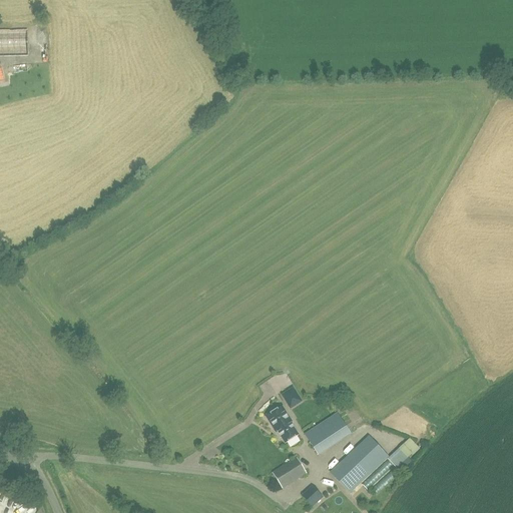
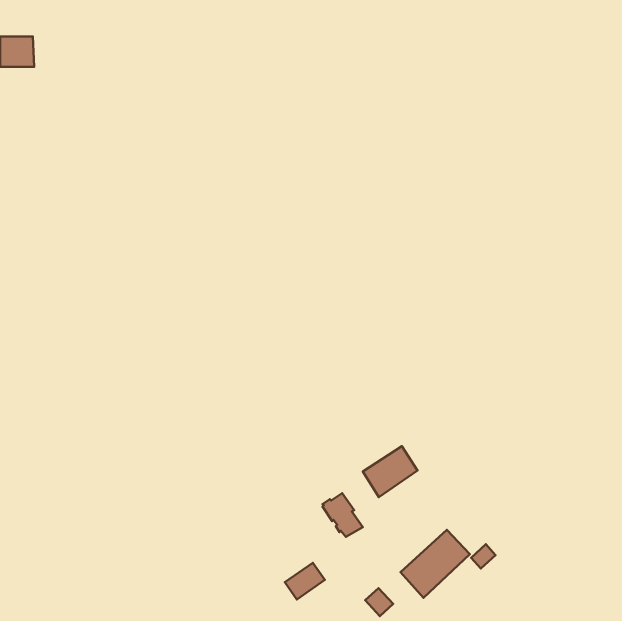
building: [305,412,350,454] -> [363,446,418,497]
building: [274,457,307,487] -> [285,563,325,599]

